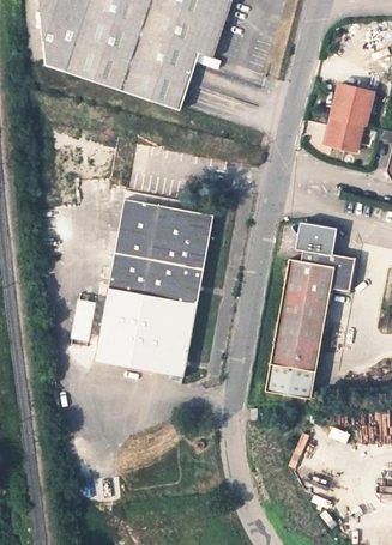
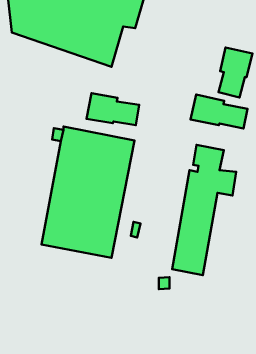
building: none -> [87,93,139,125]
building: none -> [191,94,247,128]

